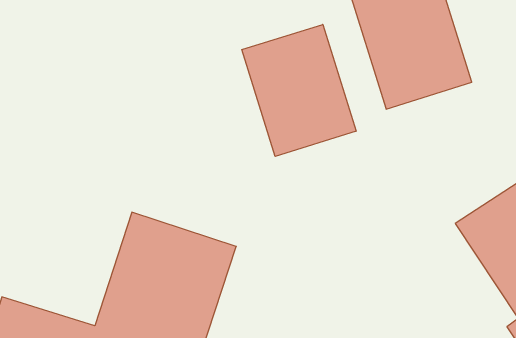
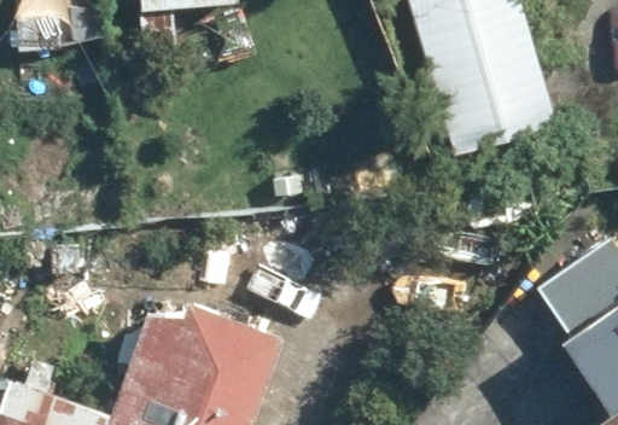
building: [242,24,356,156] -> none

